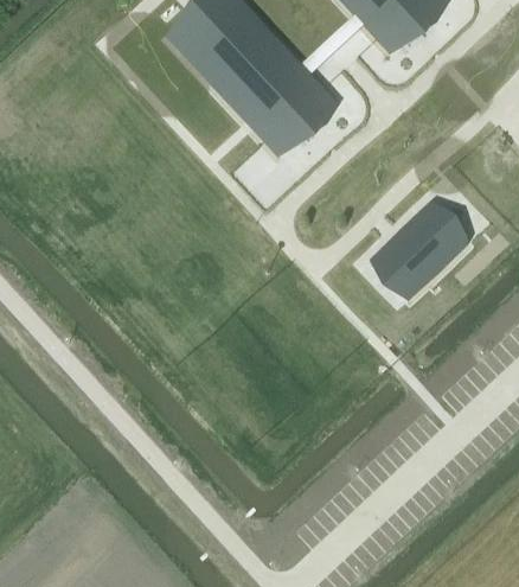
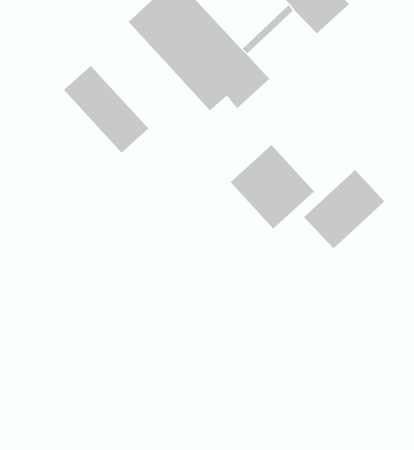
building: none -> [63,65,149,153]
building: none -> [230,144,315,230]

